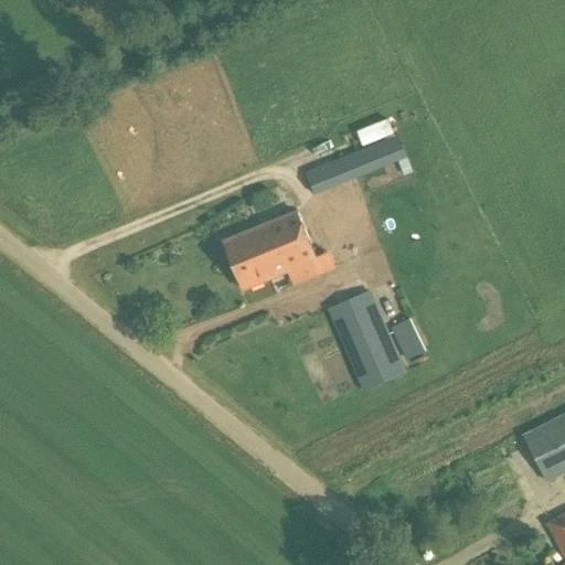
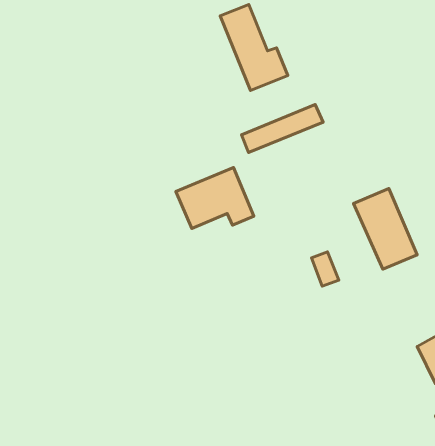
building: none -> [220,5,288,90]
building: [327,289,406,390] -> [353,188,417,269]

